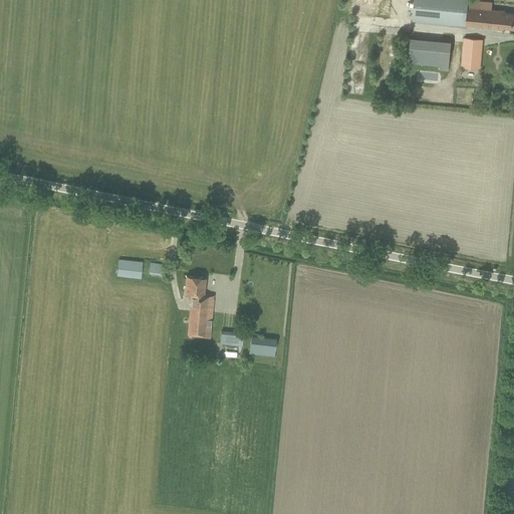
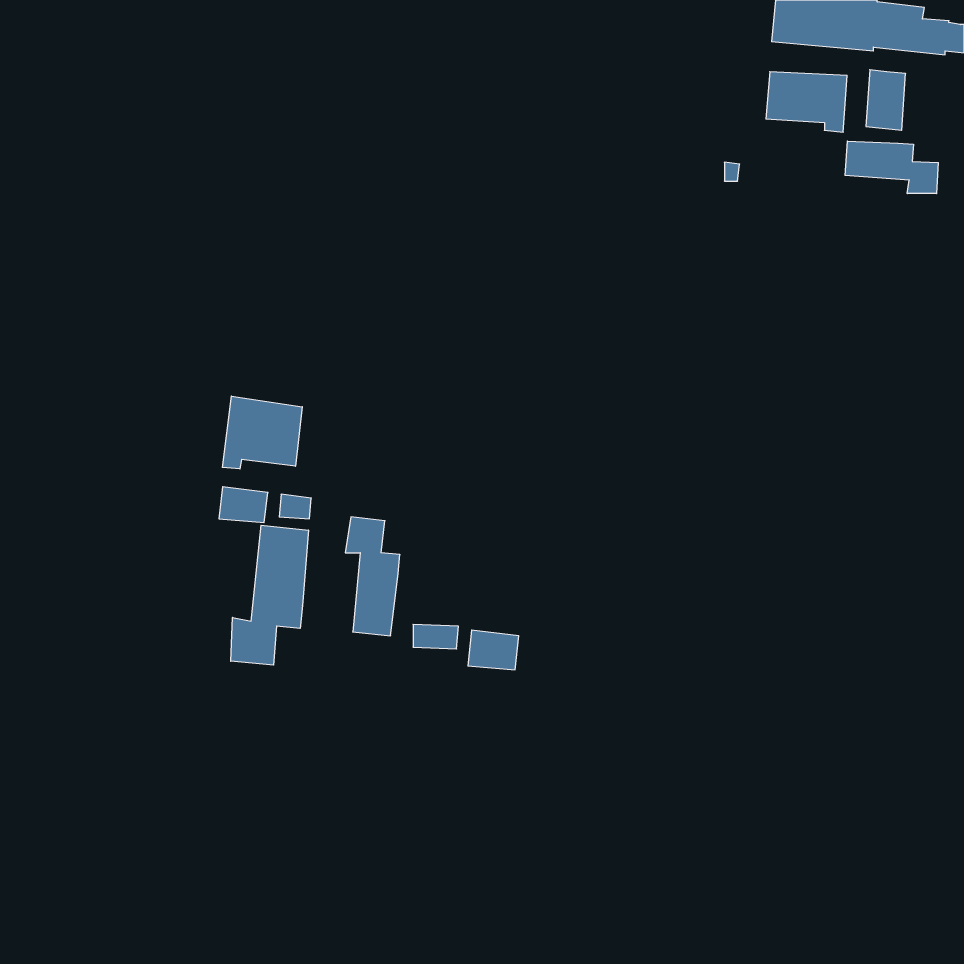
building: none -> [845,141,938,194]
building: none -> [222,396,302,469]
building: none -> [231,525,308,665]

